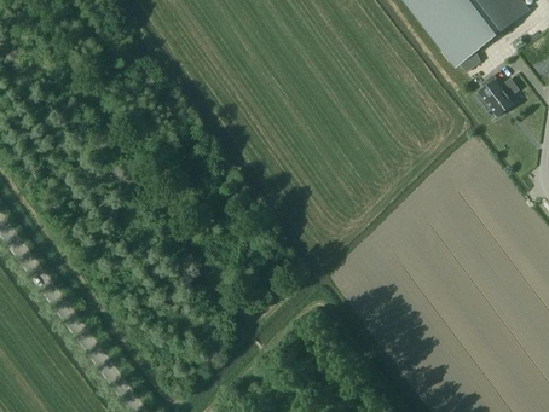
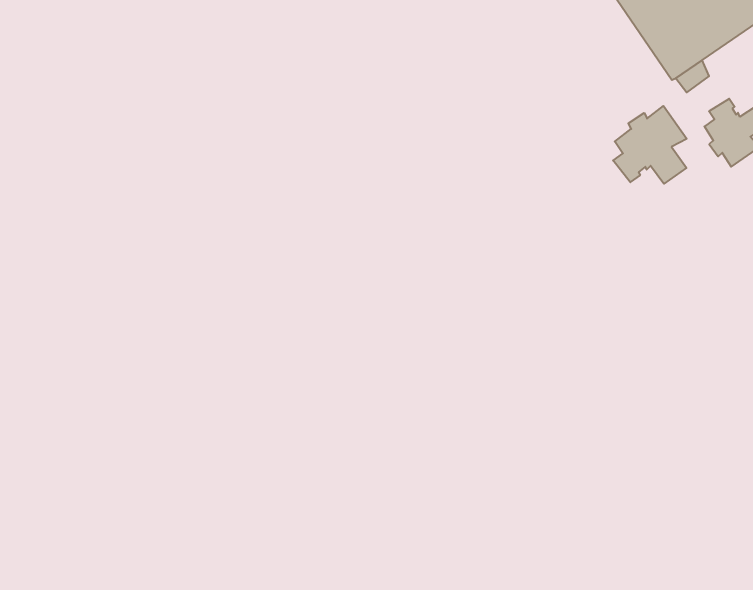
building: none -> [613,106,687,184]

